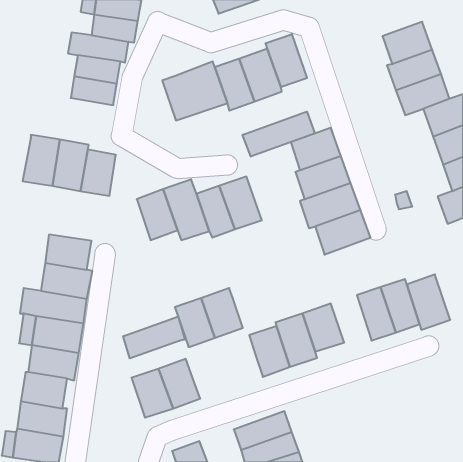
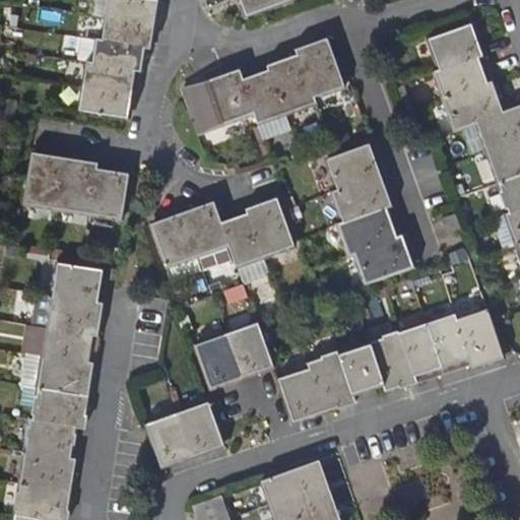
building: [243,112,315,157] -> none
building: none -> [371,331,416,391]
building: [123,317,185,358] -> none

